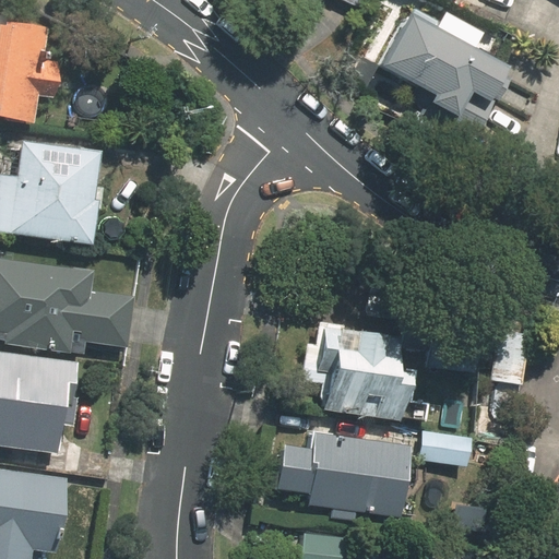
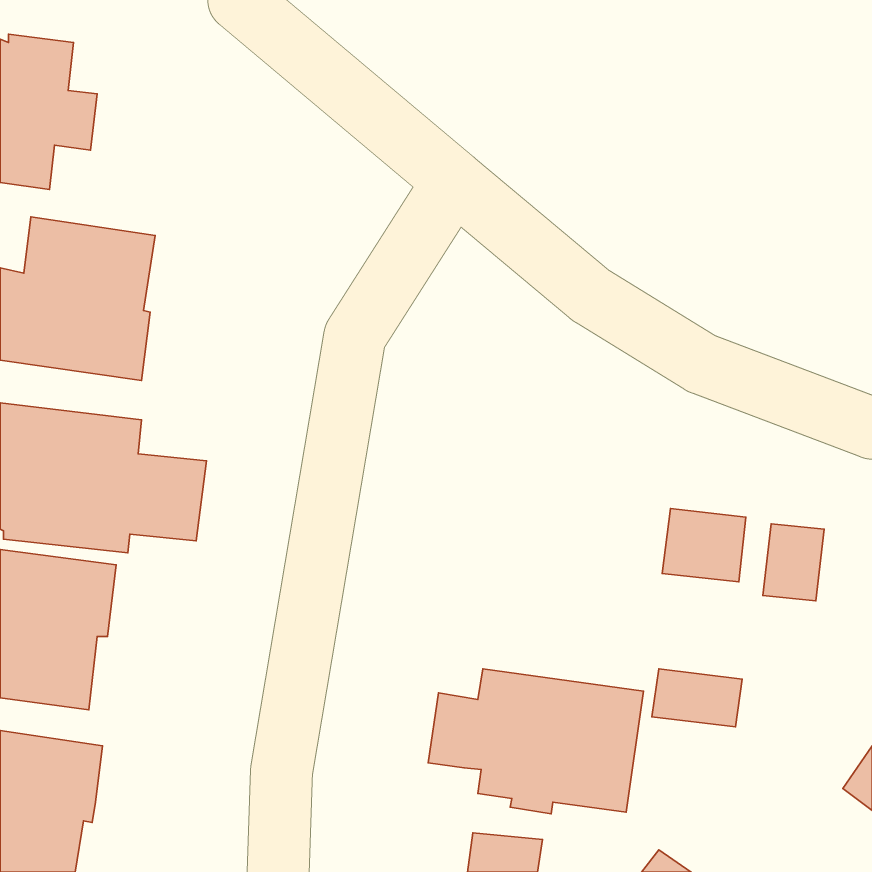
building: [378,10,507,147] -> none
building: [299,322,408,421] -> none

